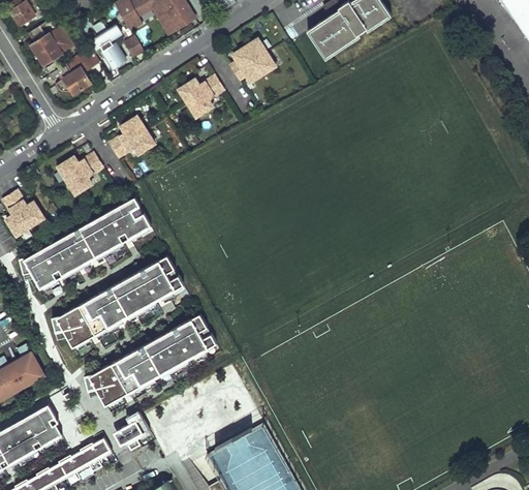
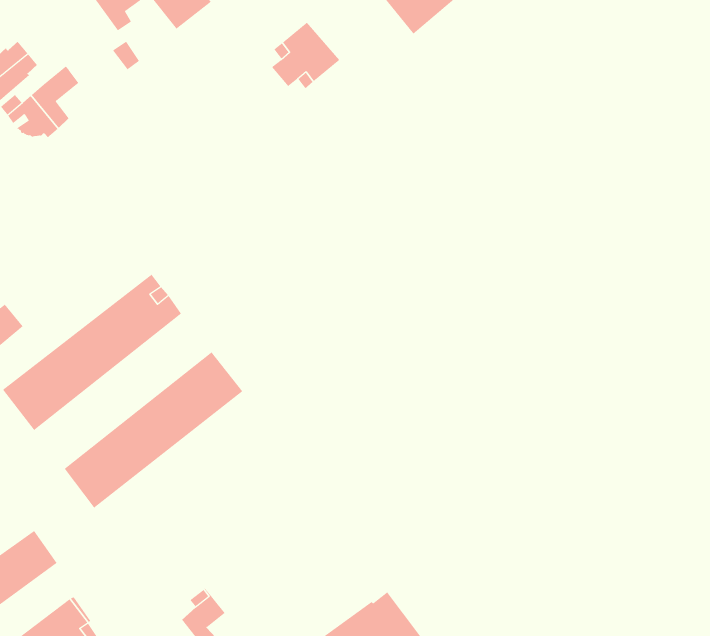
building: [92,24,126,69] -> none
building: [177,78,224,120] -> none
building: [108,118,154,159] -> none
building: [56,156,101,196] -> none
building: [91,310,217,403] -> none

